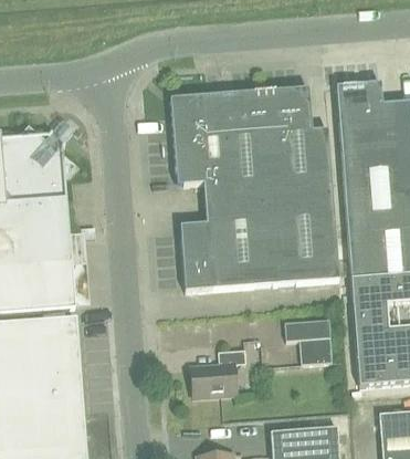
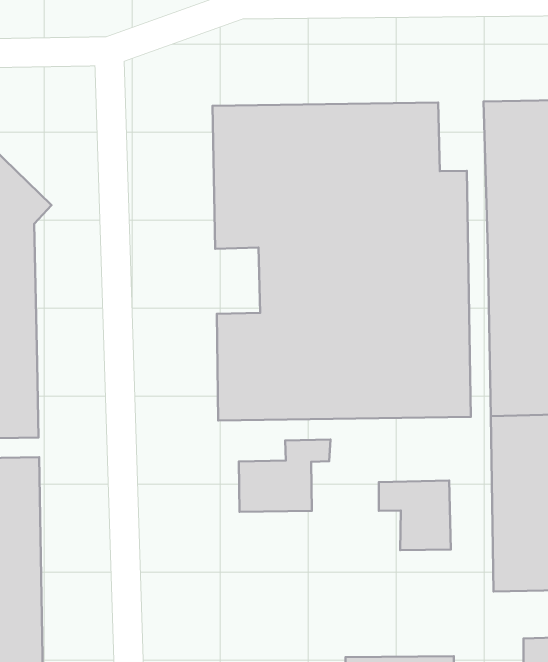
building: [190,348,245,396] -> [239,439,330,512]

